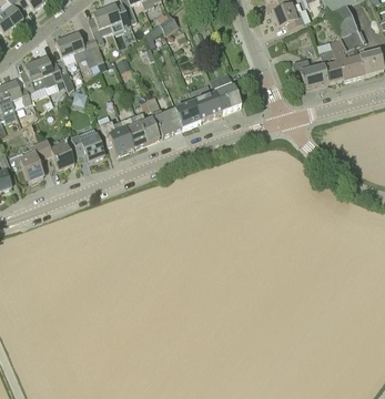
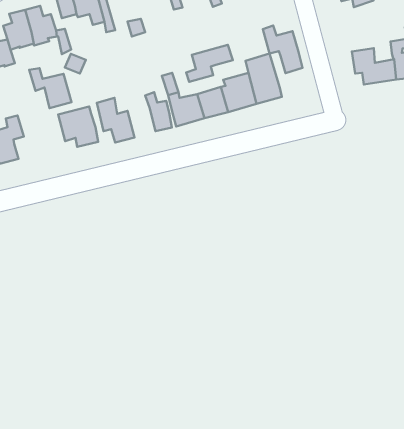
building: none -> [263,26,303,73]
building: none -> [186,45,233,82]
building: [121,115,146,149] -> none
building: [39,140,74,170] -> [29,68,72,108]

